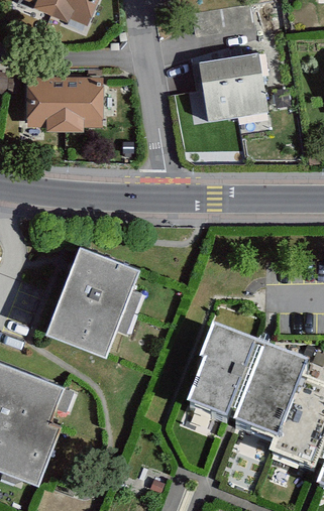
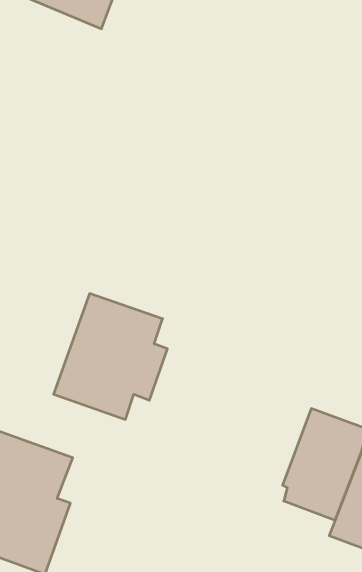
building: [201,49,271,119] -> none
building: [25,78,101,128] -> none
building: [194,329,262,421] -> none

